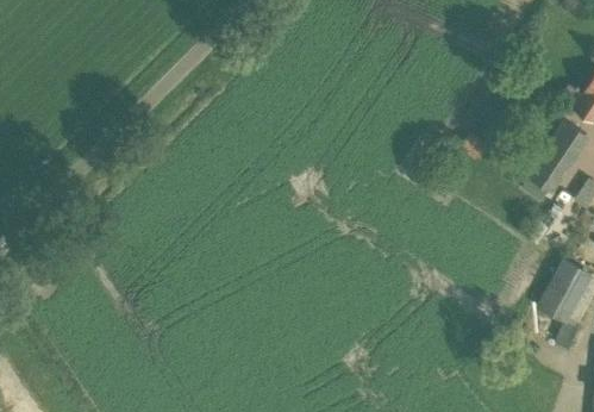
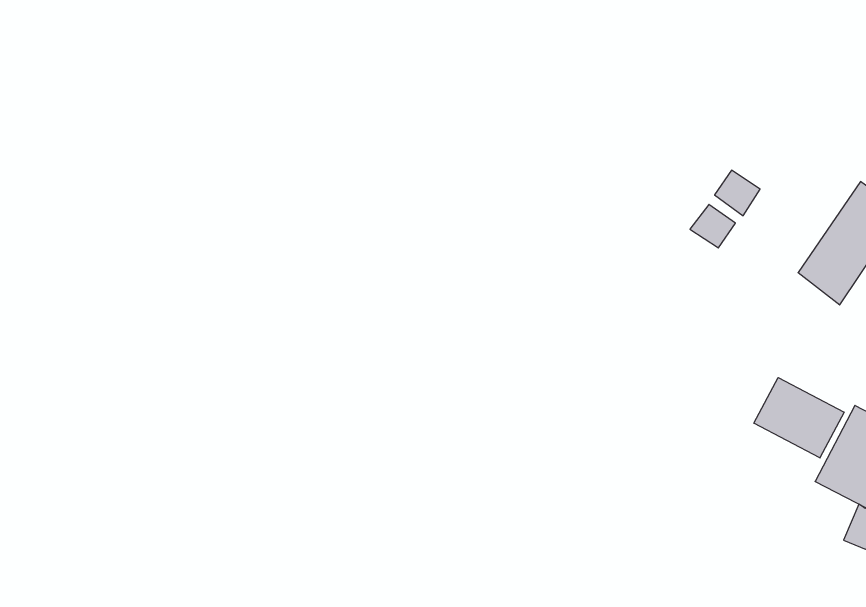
building: none -> [754,378,844,458]

